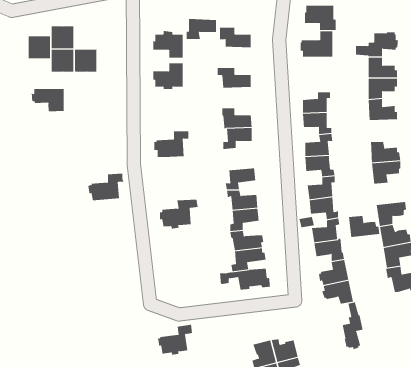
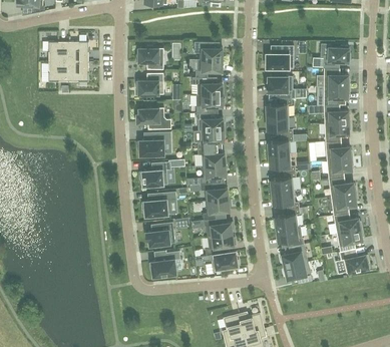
building: [304,5,337,31] -> [267,76,295,98]
building: [186,19,217,39] -> [196,59,223,77]
building: [28,36,51,59] -> [68,41,88,61]
building: none -> [197,94,225,112]
building: [31,88,64,112] -> none
building: none -> [136,107,171,129]
building: none -> [325,122,351,141]
building: none -> [198,147,226,166]
building: [88,173,124,201] -> [139,161,171,186]
building: [348,216,380,238] -> [329,178,357,197]
building: none -> [146,222,175,246]
building: [342,301,363,350] -> none
building: [157,324,193,355] -> [149,251,180,278]

